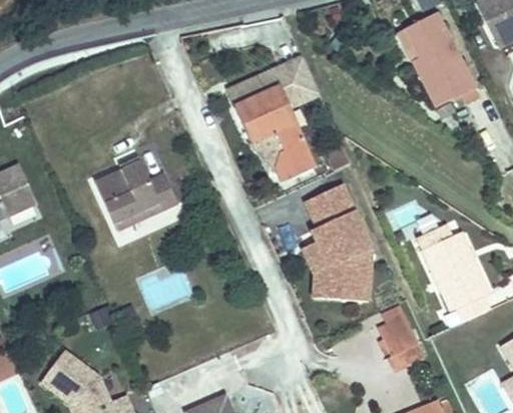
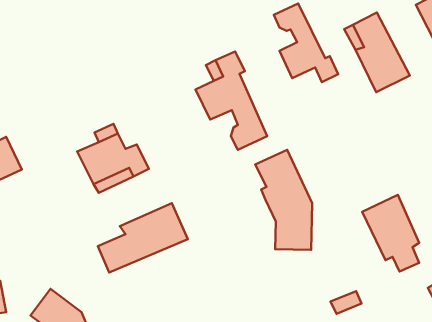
building: none -> [274,3,338,82]
building: [299,242,326,299] -> none
building: none -> [98,203,188,272]
building: [380,318,419,360] -> none

